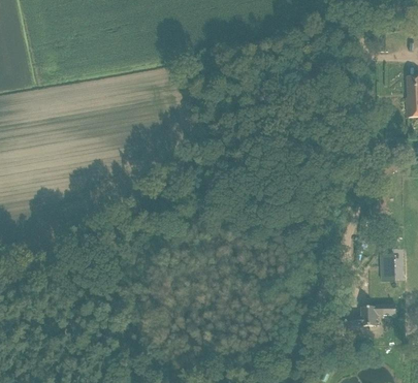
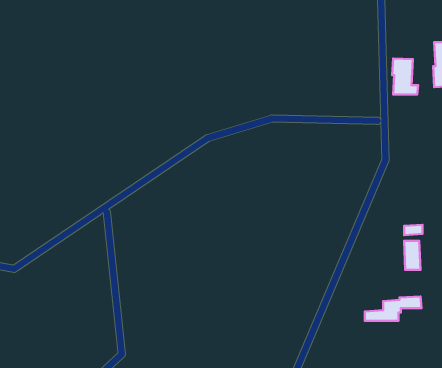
building: none -> [392,58,418,94]

